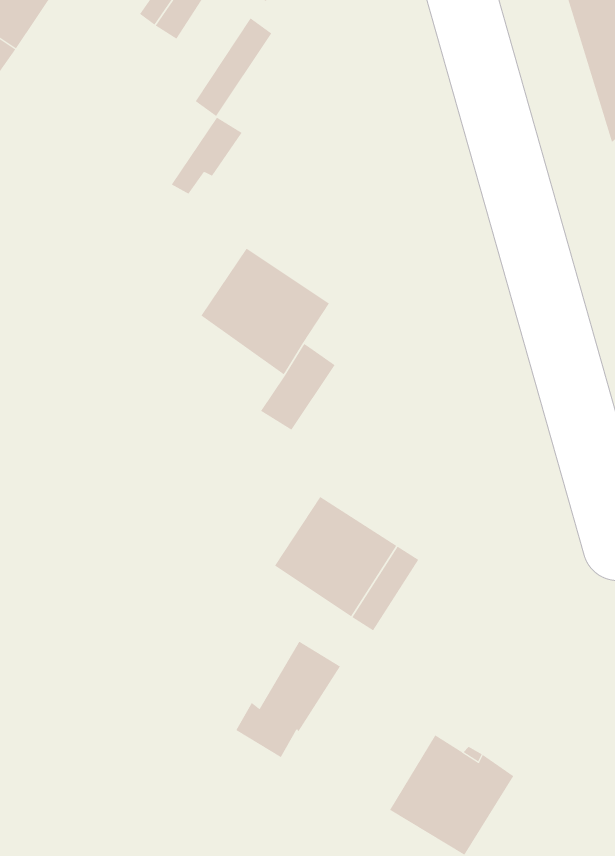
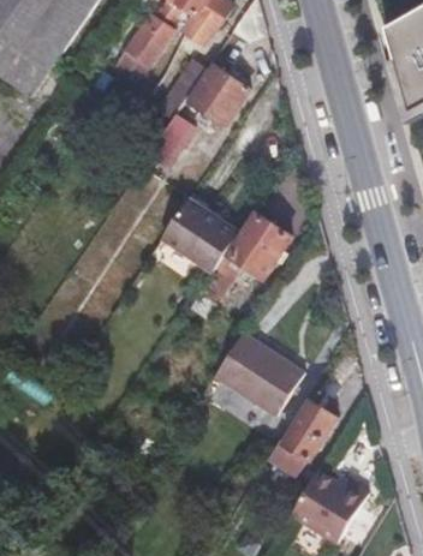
building: none -> [191,59,255,124]
building: none -> [233,207,297,271]
building: [235,641,341,758] -> [263,413,327,484]

